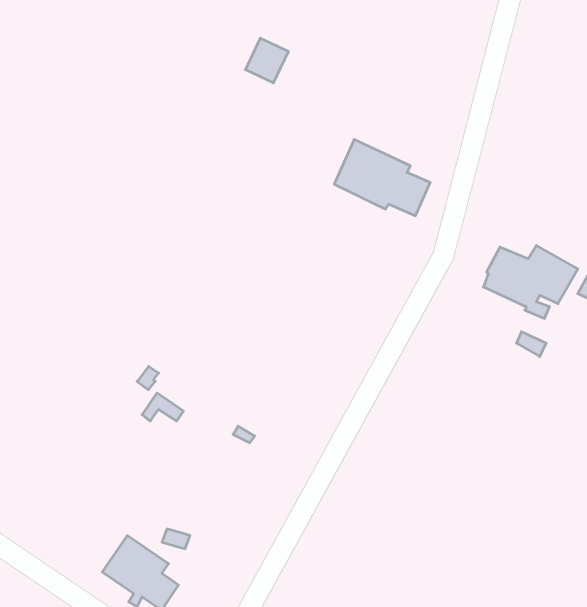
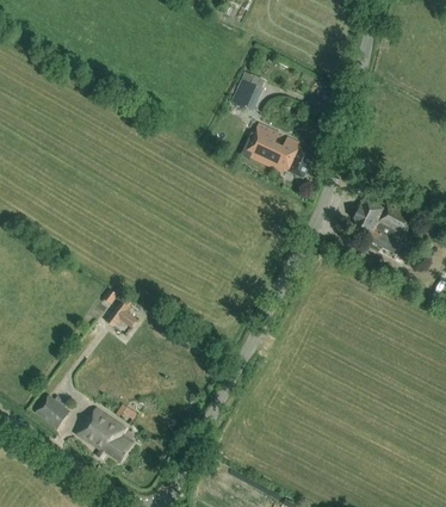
building: [245,38,288,83] -> [233,78,264,110]
building: none -> [35,392,69,427]

